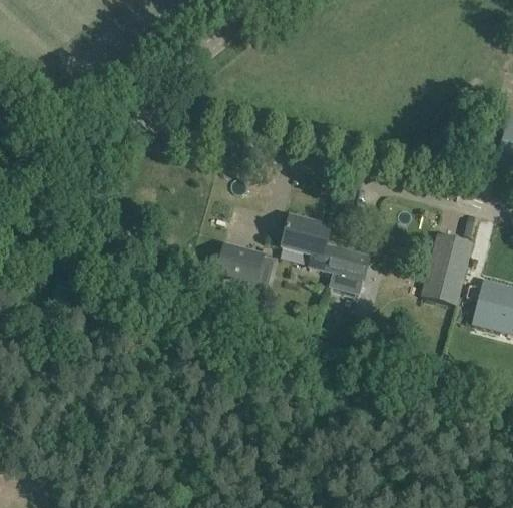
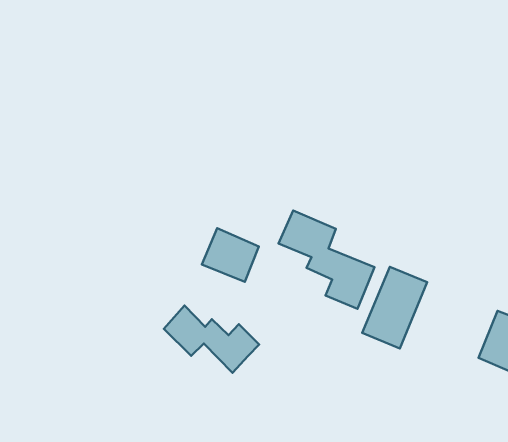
building: [422,233,473,305] -> [362,267,427,348]
building: none -> [164,306,259,373]

